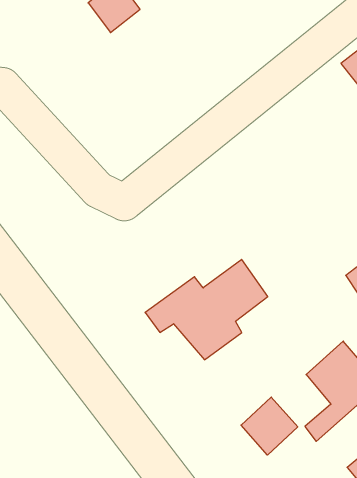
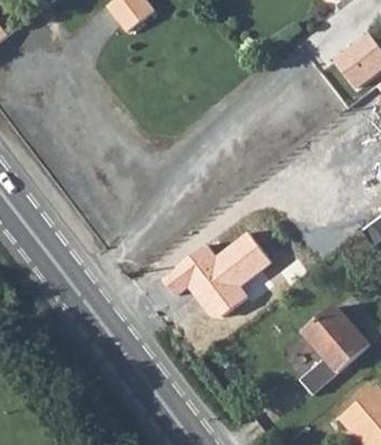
building: [241,397,298,455] -> none

